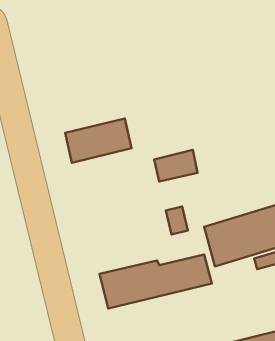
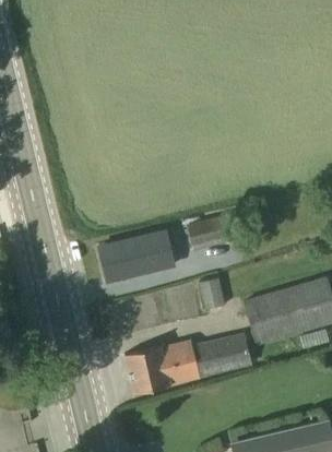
building: [65,118,132,163] -> [99,231,175,282]

